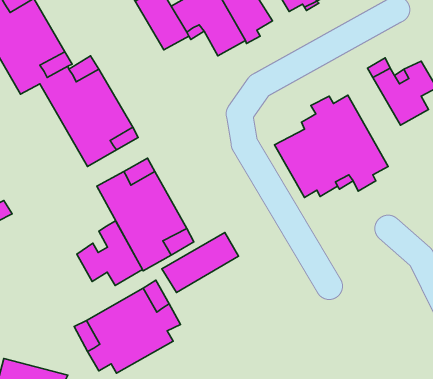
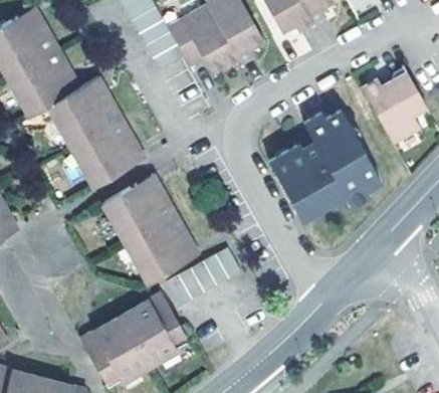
building: [77,221,143,285] -> none

